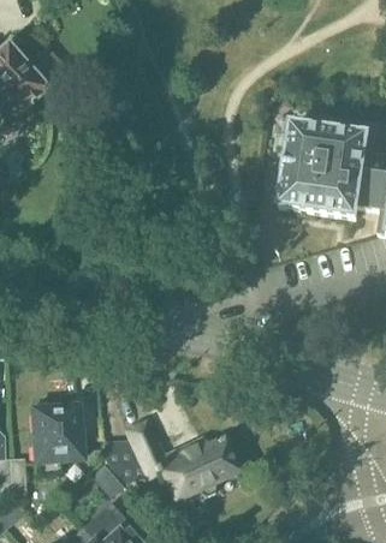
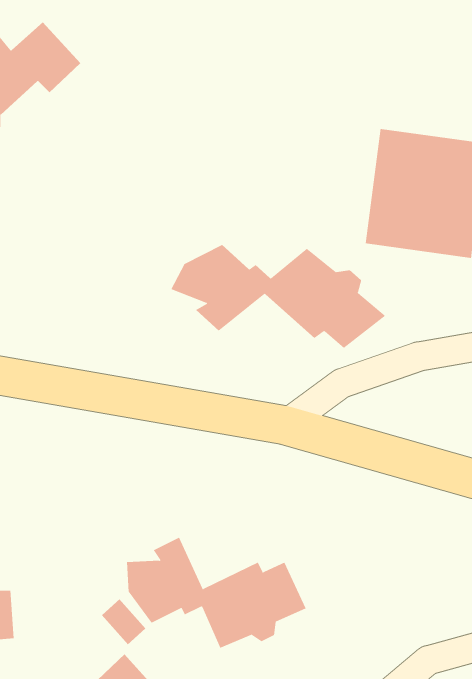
building: none -> [170,244,386,349]
building: [34,398,81,473] -> none

